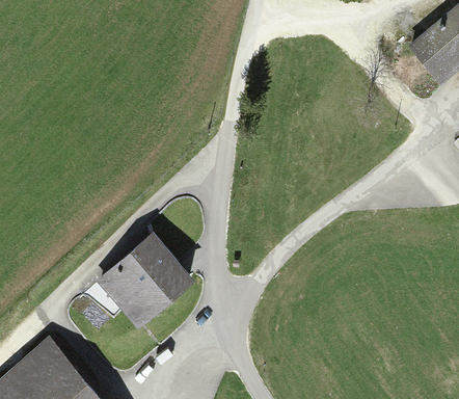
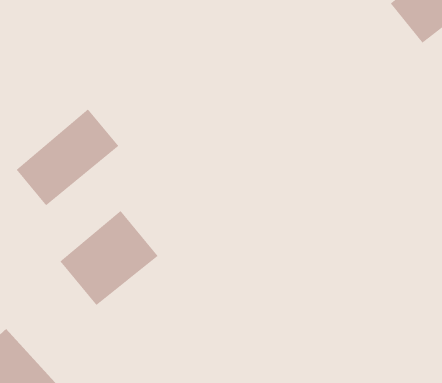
building: none -> [16,108,119,206]

